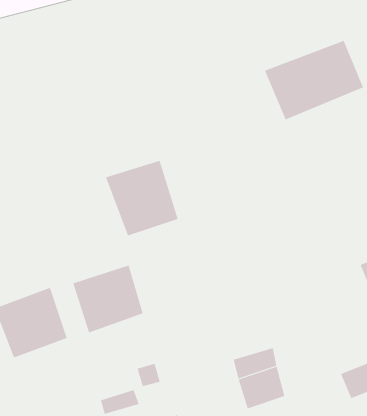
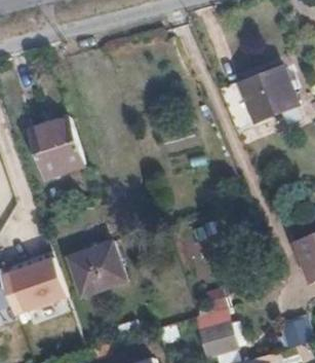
building: [105,160,179,236] -> [25,114,82,174]

